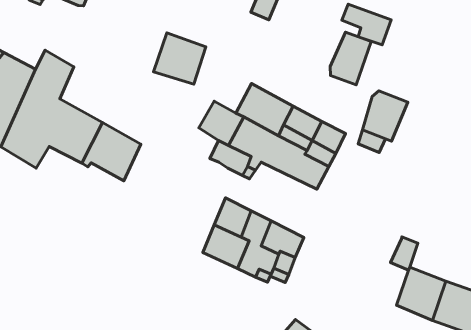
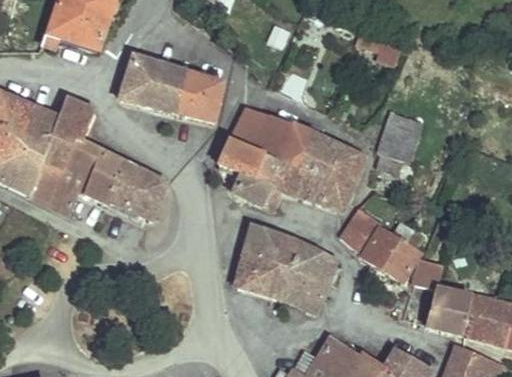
building: none -> [122,61,183,111]
building: [330,32,371,85] -> none
building: none -> [234,106,269,145]
building: none -> [349,198,421,273]

